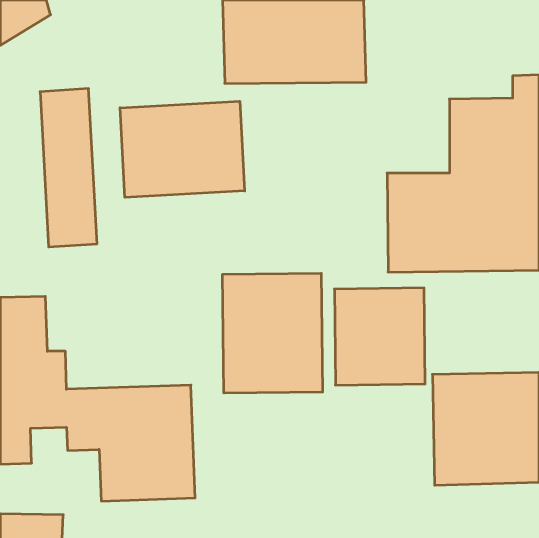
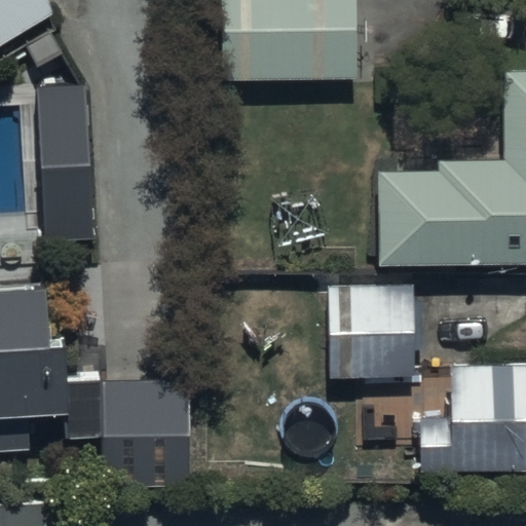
building: [120,101,245,197] -> none
building: [223,273,323,393] -> none

